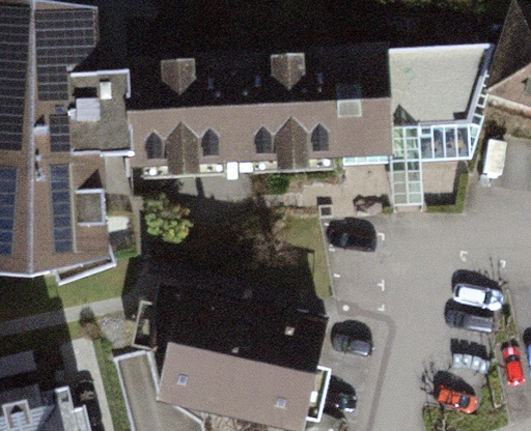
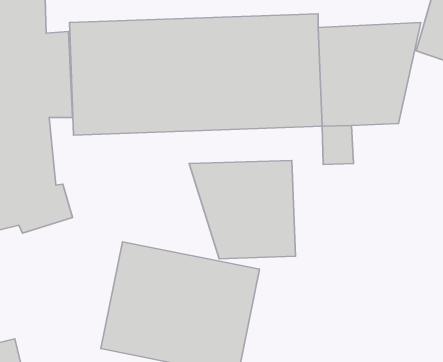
building: none -> [189,161,295,259]

